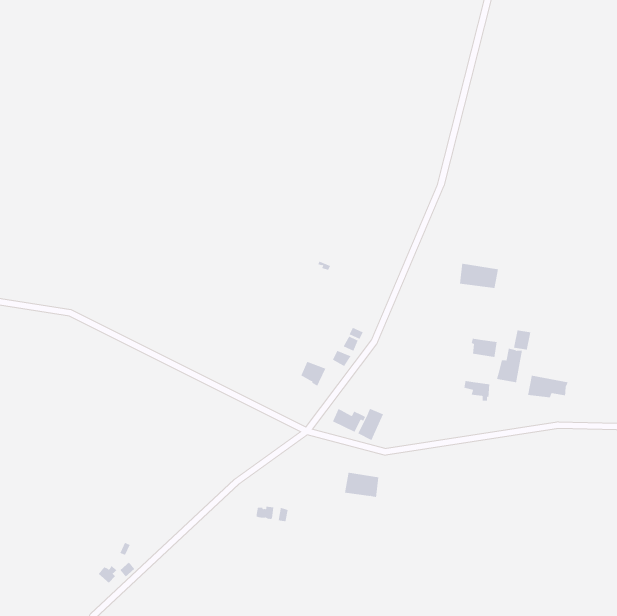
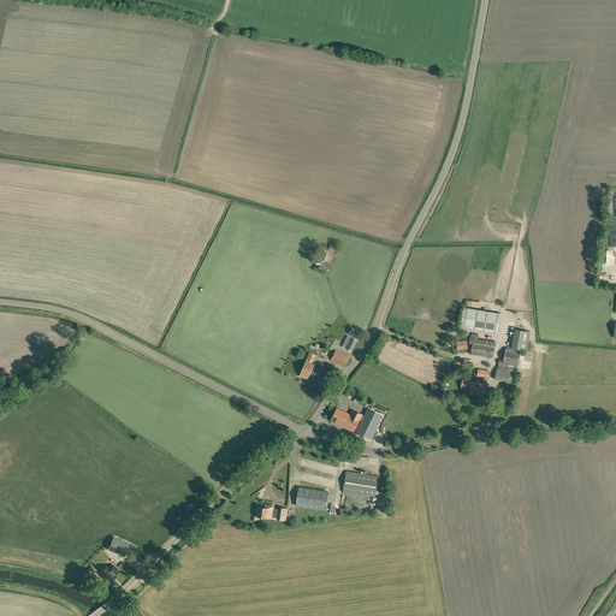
building: [459,263,499,289] -> [461,307,500,332]
building: [528,375,569,398] -> none
building: none -> [295,486,328,509]

